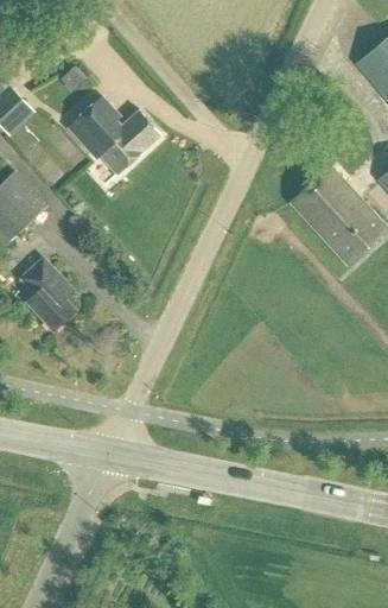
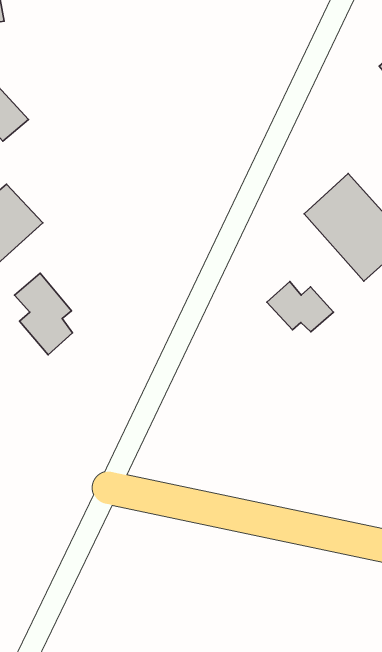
building: [69,93,159,171] -> none
building: none -> [267,282,333,332]

